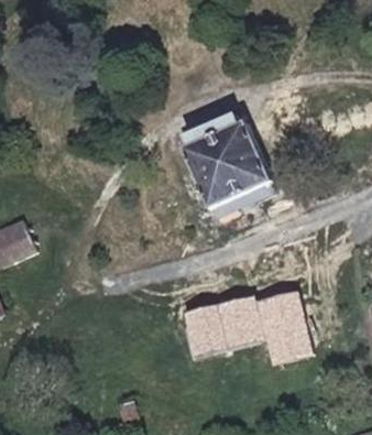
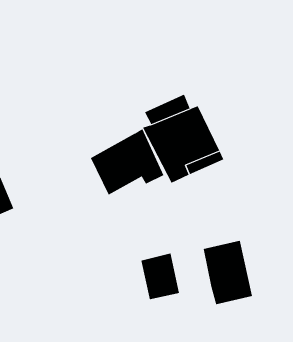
building: none -> [90,128,164,195]
building: [218,295,263,349] -> none

